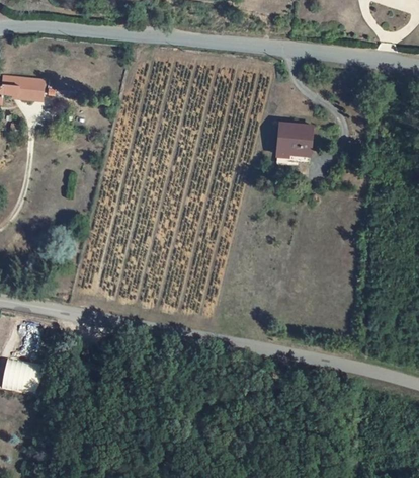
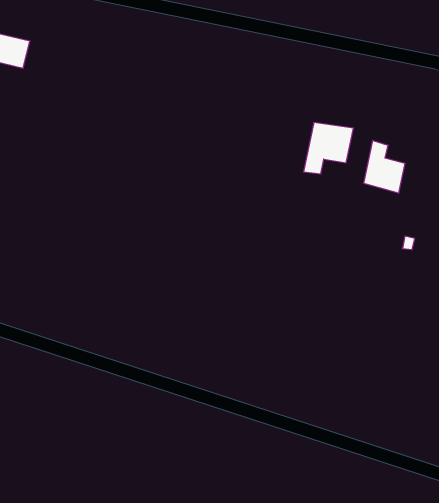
building: none -> [364,140,405,193]

